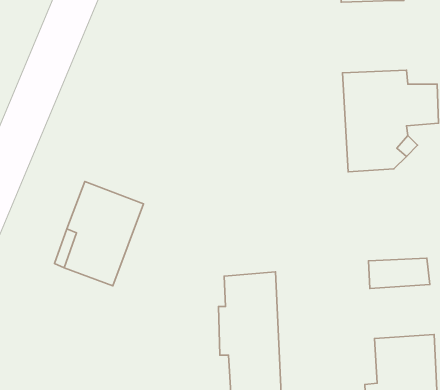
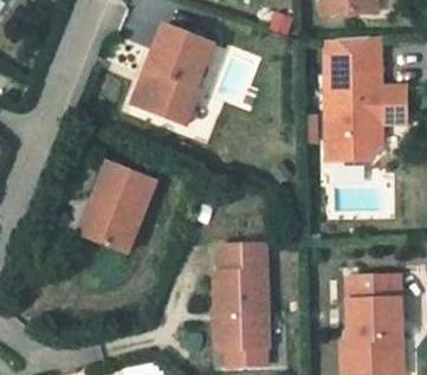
building: none -> [140,26,209,125]
building: none -> [321,32,377,73]
building: [368,258,430,289] -> [349,273,401,299]

